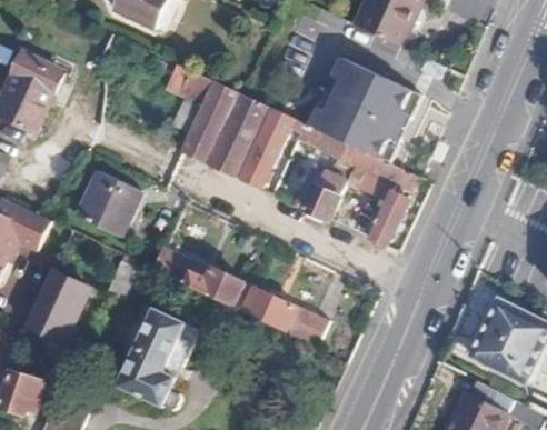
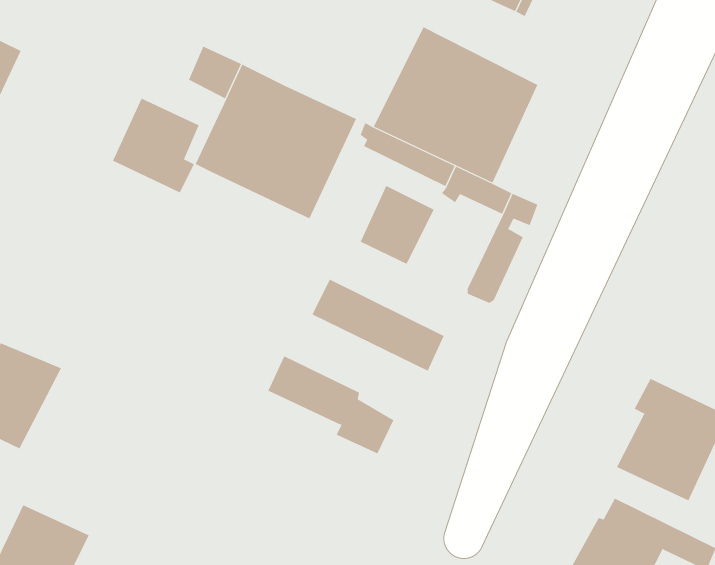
building: [78,172,138,238] -> [112,98,200,193]
building: [152,242,243,306] -> [312,279,444,371]
building: [118,311,183,409] -> none

